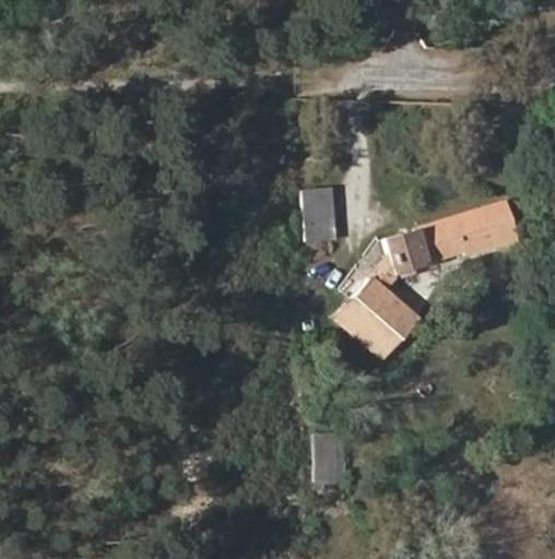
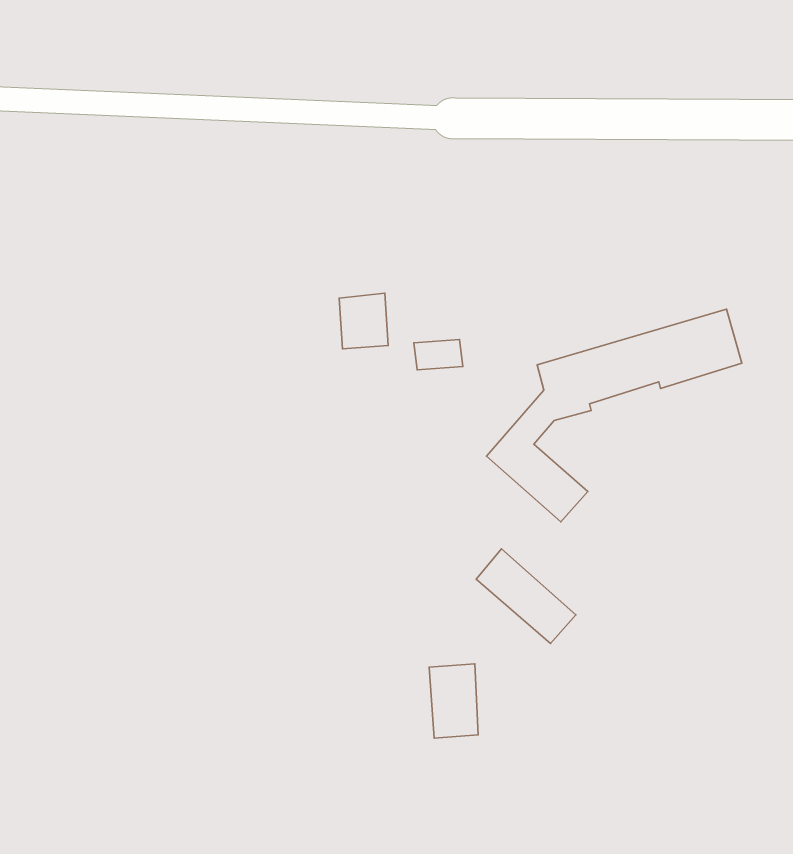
building: [303,189,334,225] -> [339,293,388,349]
building: [335,298,400,359] -> [476,549,576,643]

